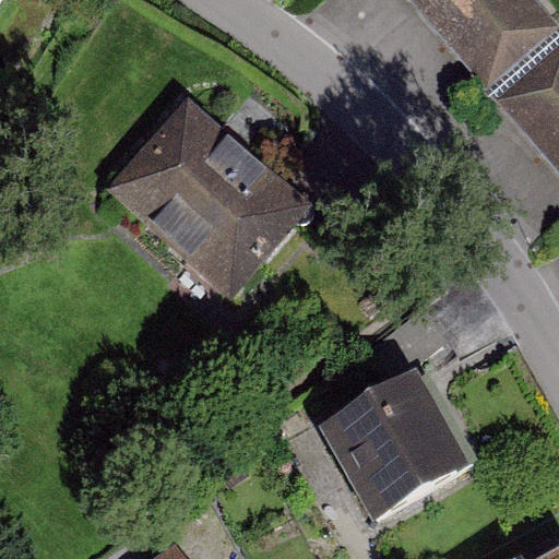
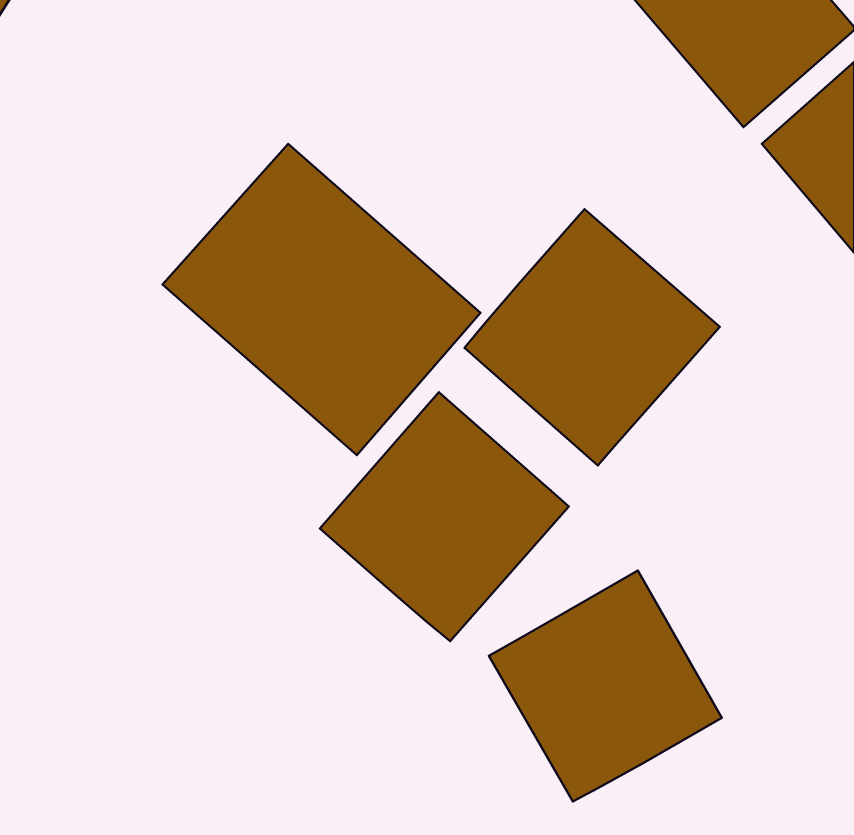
building: none -> [464,209,720,465]
building: none -> [320,392,569,641]

